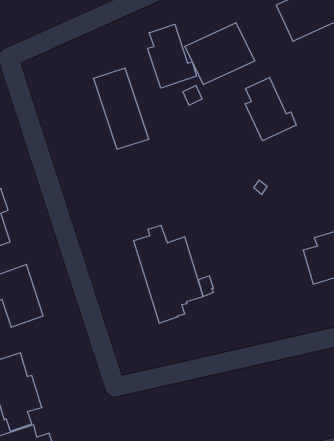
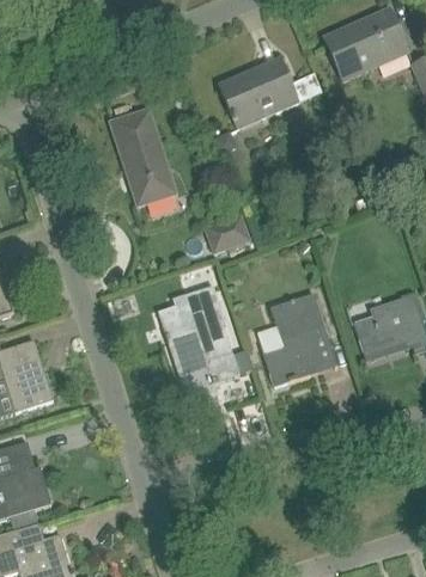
building: [148,24,197,88] -> none
building: [245,77,296,141] -> none
building: none -> [203,215,250,253]
building: none -> [255,293,337,386]

